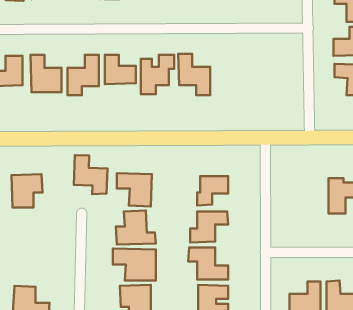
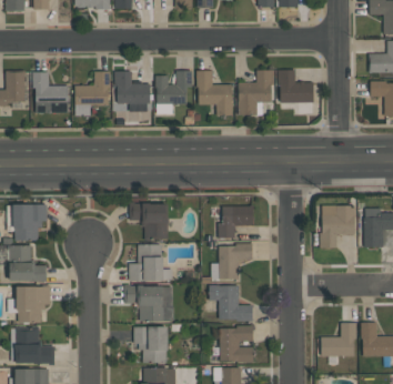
building: none -> [279,69,314,102]
building: none -> [240,70,273,115]
building: [74,155,107,194] -> none
building: none -> [321,204,355,247]
building: none -> [10,244,47,281]
building: none -> [17,285,50,322]

